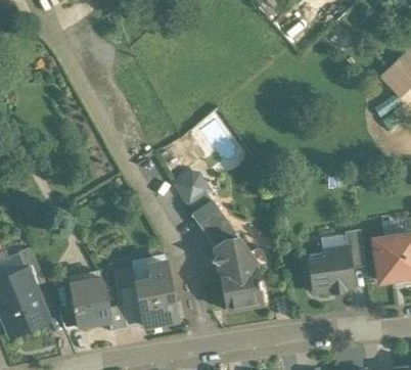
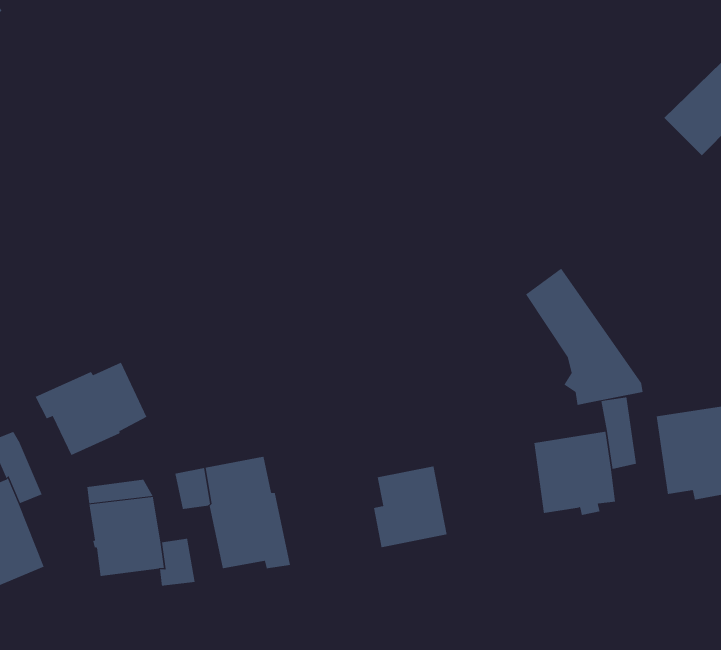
building: [172,169,213,205] -> none
building: [191,198,255,272] -> [525,268,644,405]
building: none -> [35,362,147,456]

